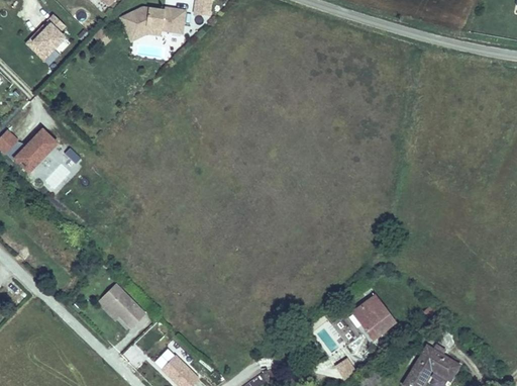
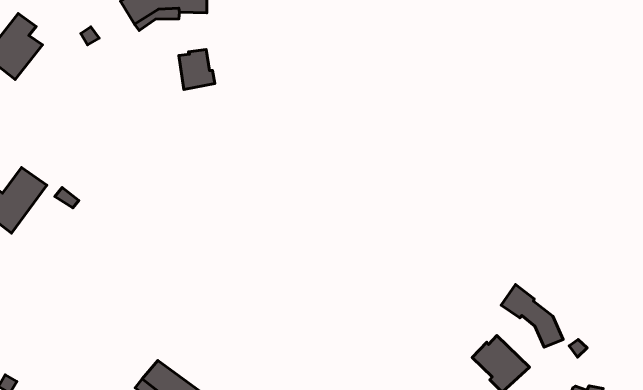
building: none -> [179,49,215,90]
building: none -> [501,285,563,347]

